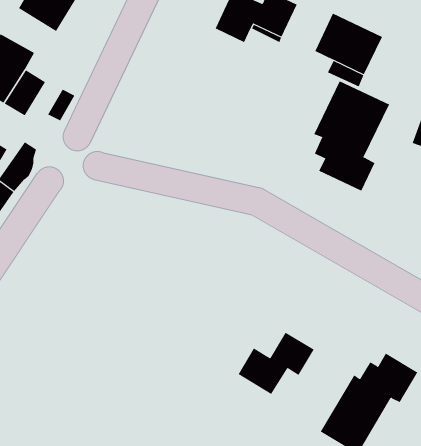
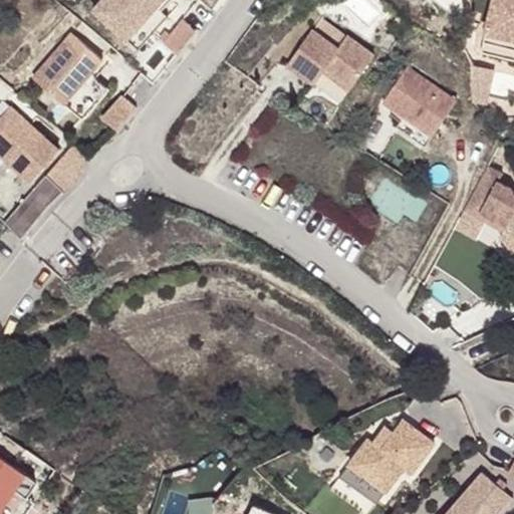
building: [314,80,390,191] -> none
building: [238,332,315,395] -> none

